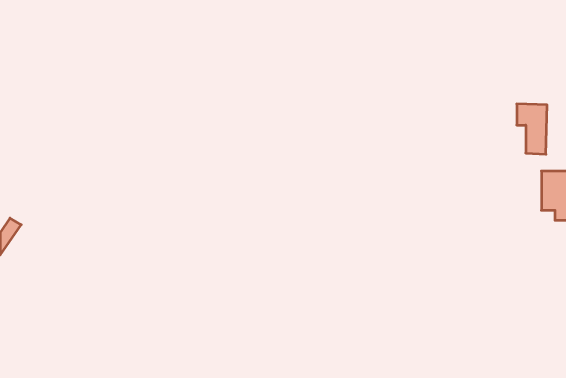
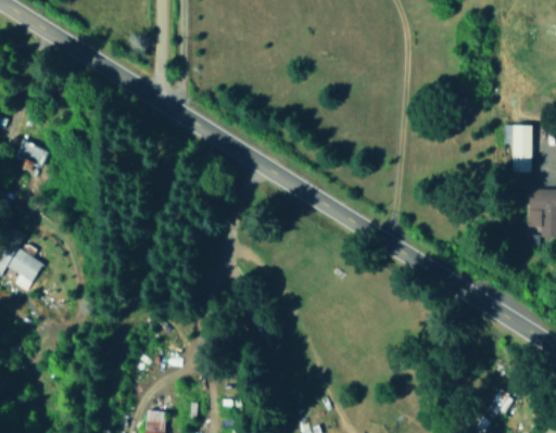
building: none -> [16,140,50,170]
building: none -> [9,249,45,291]

